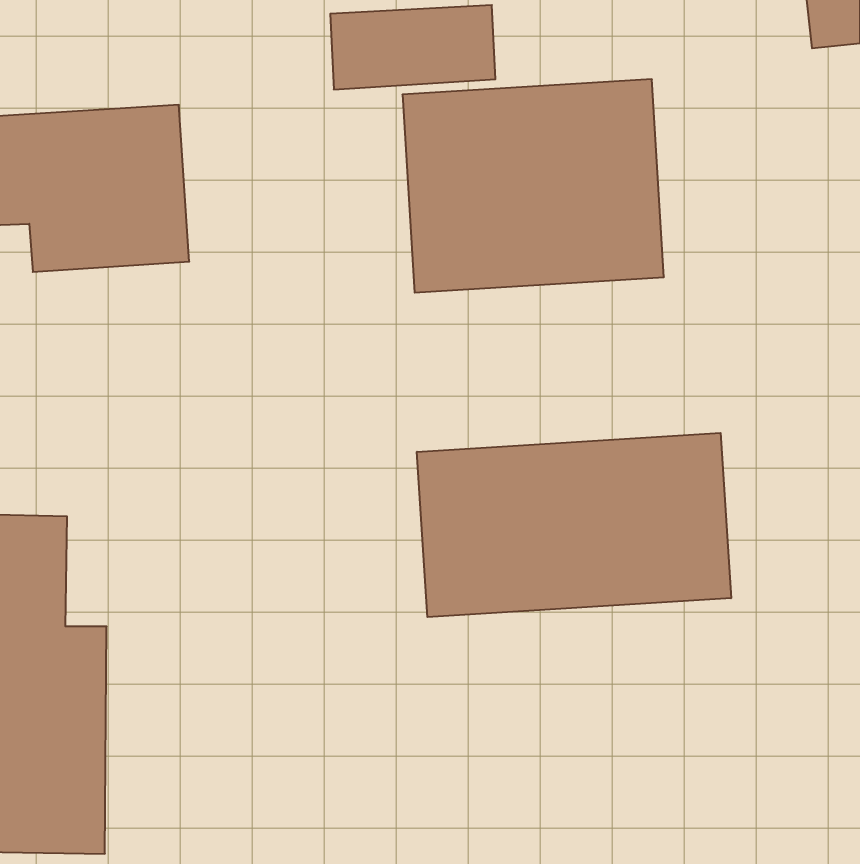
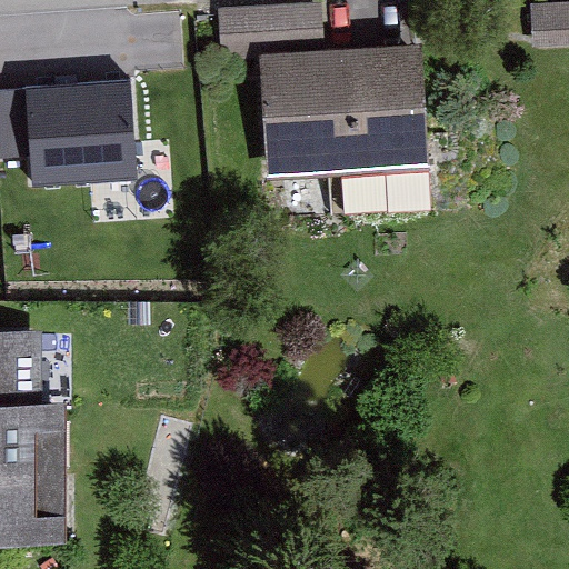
building: [417,433,731,617] -> none

